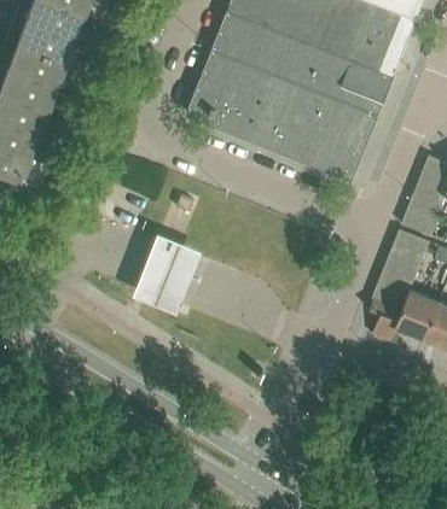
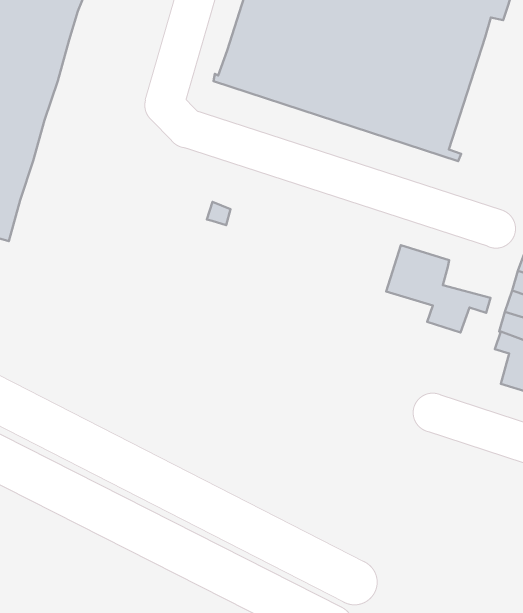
building: none -> [386,245,491,332]
building: [126,240,196,318] -> none

